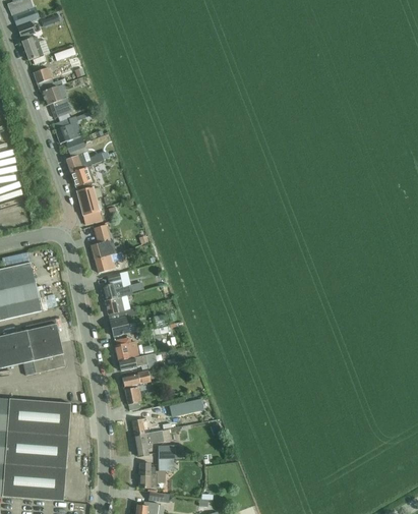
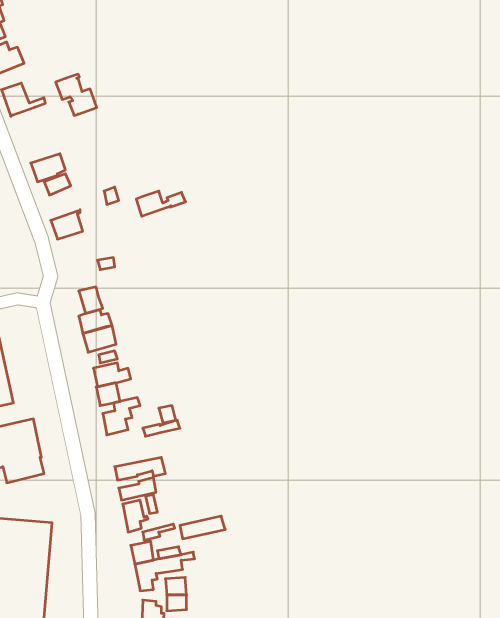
building: [41,85,72,117] -> [56,74,97,115]
building: [66,153,104,172] -> [136,191,186,216]
building: [76,186,102,225] -> none
building: [115,337,139,360] -> none

